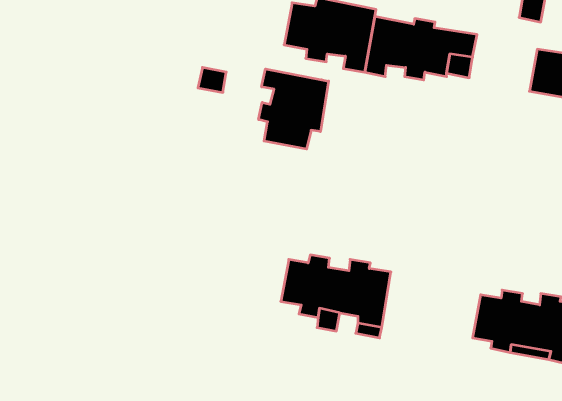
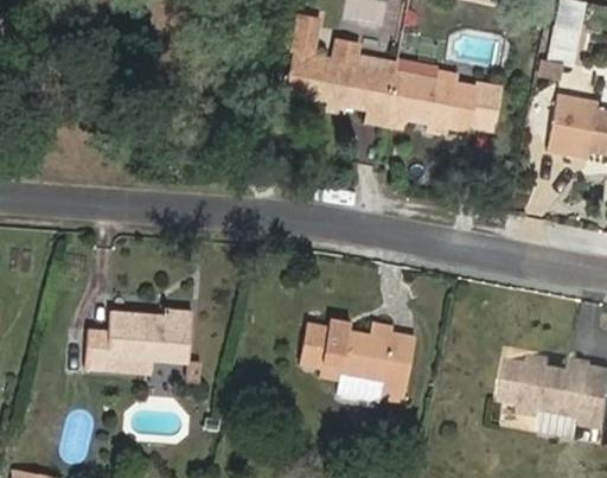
building: [259,69,329,149] -> none
building: none -> [83,307,190,371]

